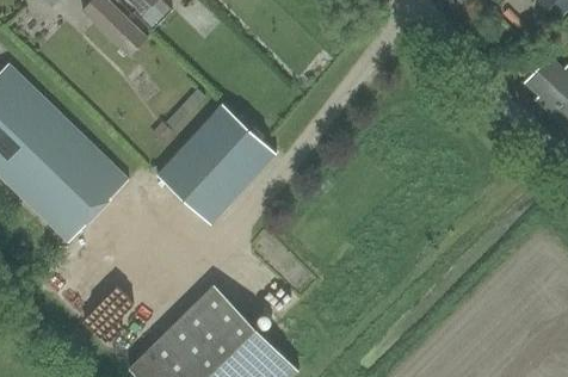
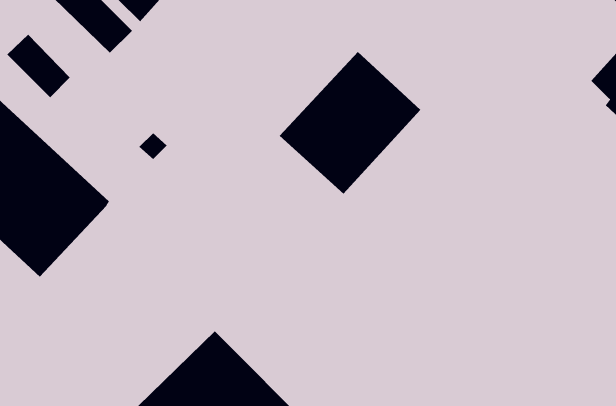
building: none -> [6,34,71,98]
building: [158,106,276,225] -> [279,51,421,195]

